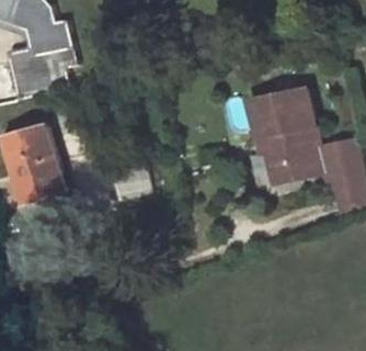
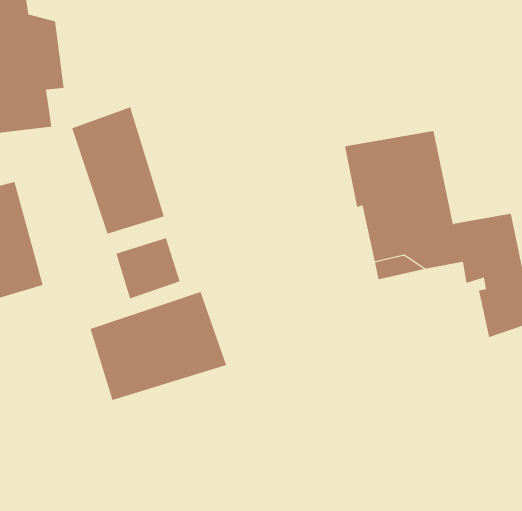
building: none -> [72,107,165,234]
building: none -> [90,291,227,401]

